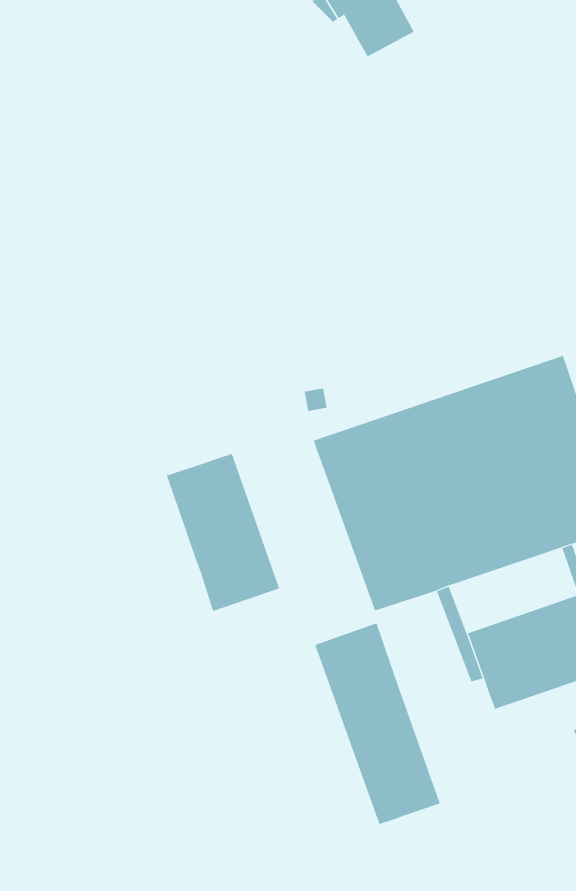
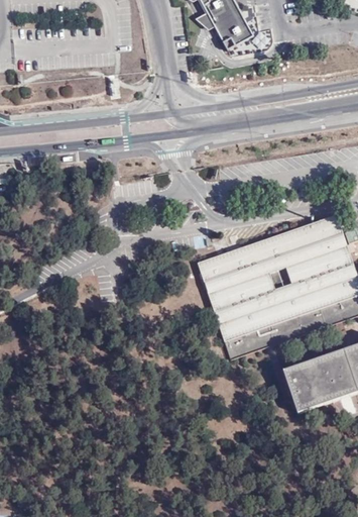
building: [166,453,280,612] -> none
building: [315,622,441,825] -> none

